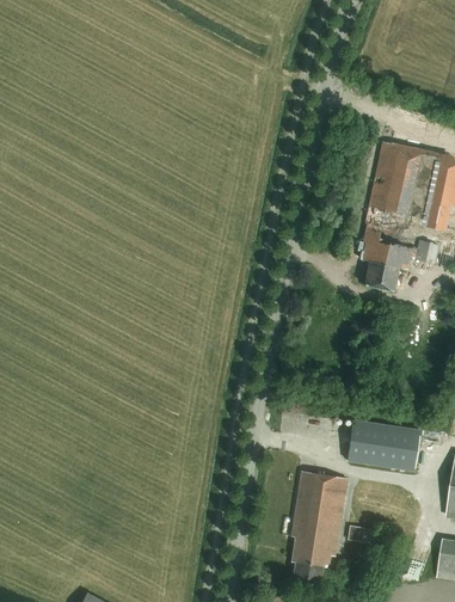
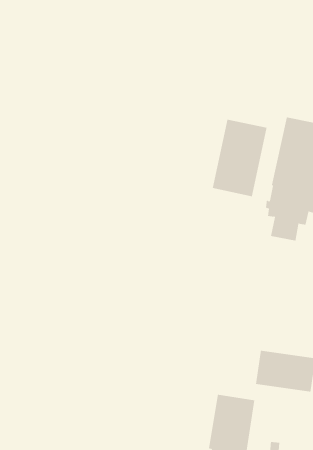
building: none -> [212,119,267,197]

